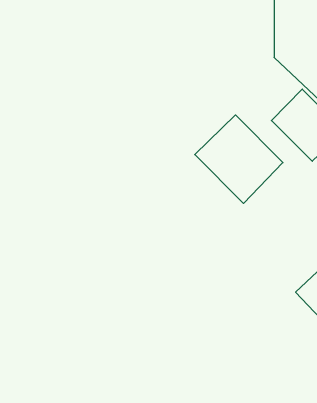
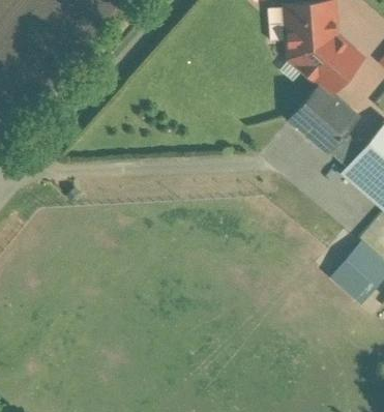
building: [195,115,283,203] -> none

